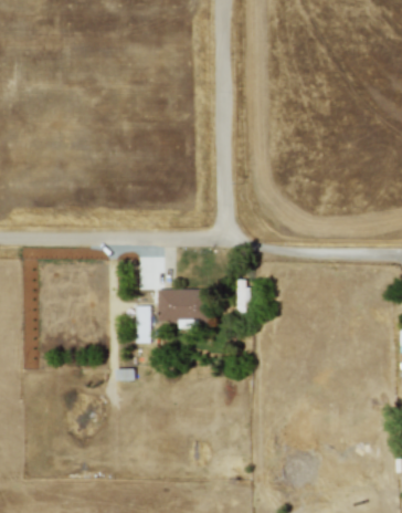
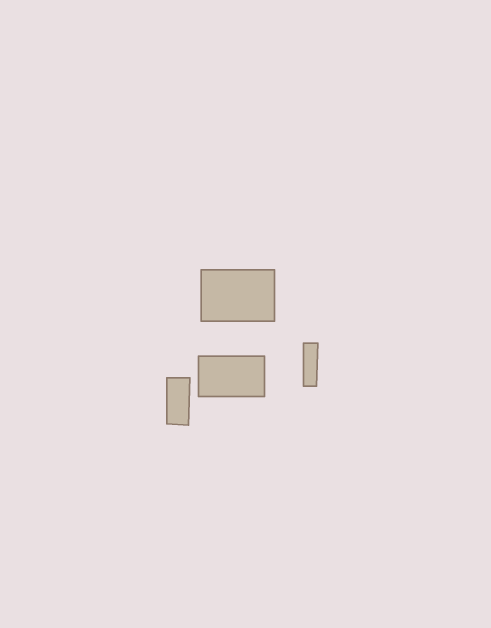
building: none -> [201,270,275,321]

